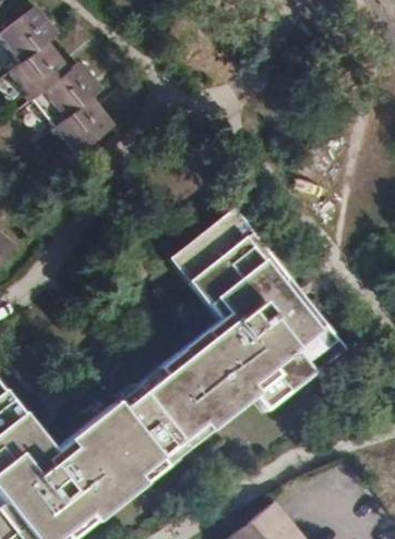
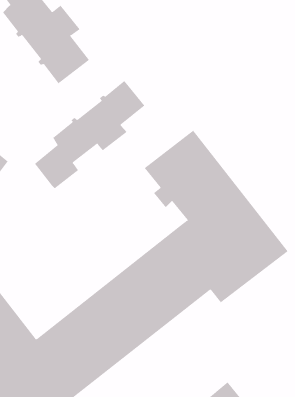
building: none -> [34,80,145,189]

